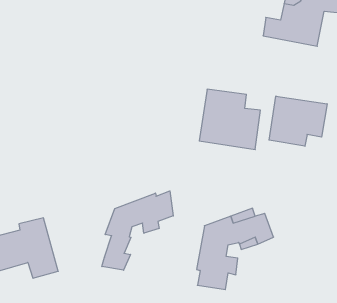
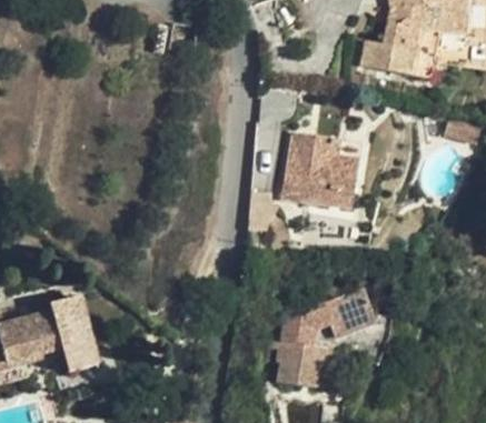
building: [269,96,327,146] -> none
building: [102,191,173,270] -> none

